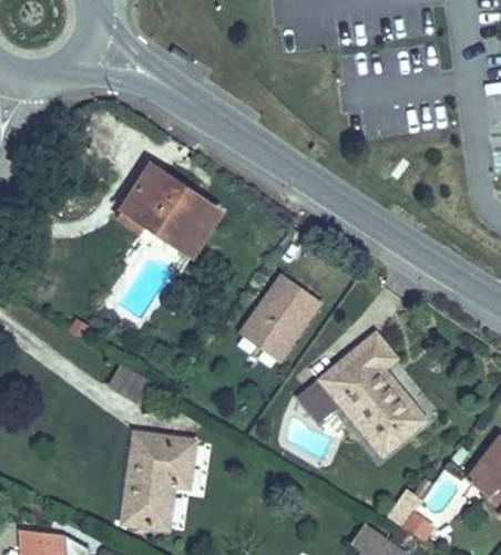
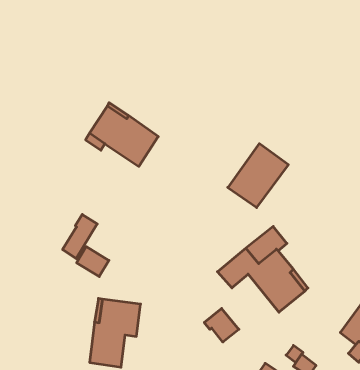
building: [238,273,321,360] -> [228,144,288,208]
building: none -> [63,214,97,259]
building: none -> [204,308,239,342]

